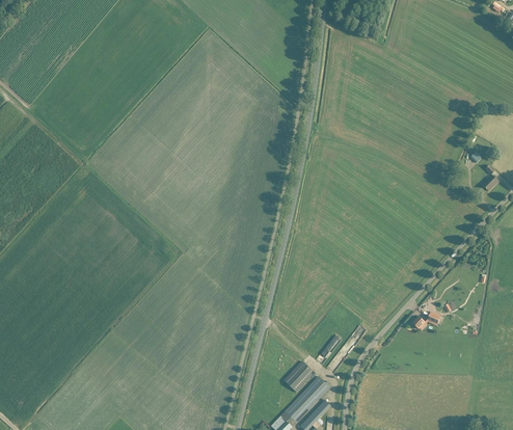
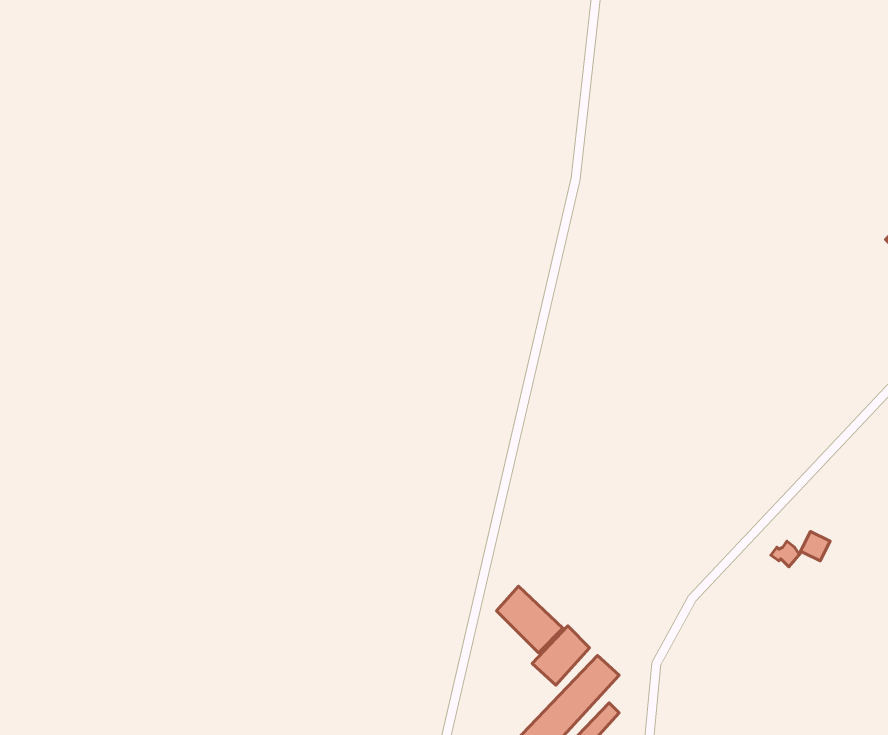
building: none -> [496,586,563,653]

